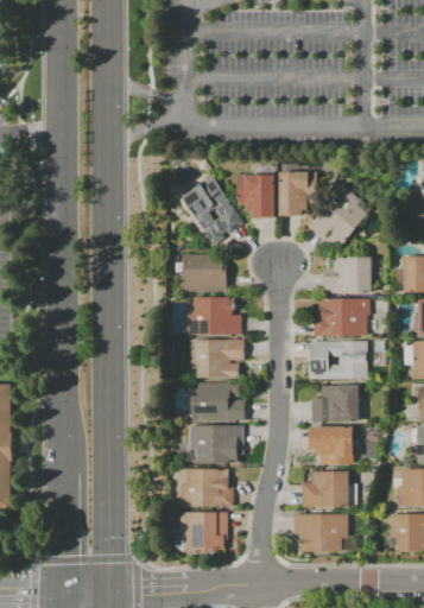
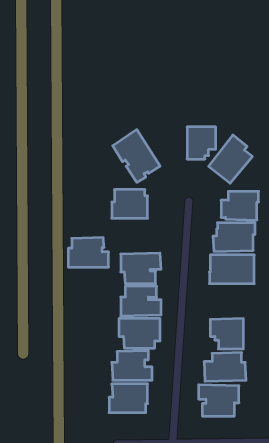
building: [238,175,273,217] -> none
building: [188,296,241,335] -> [68,238,109,267]
building: [311,385,360,423] -> none

